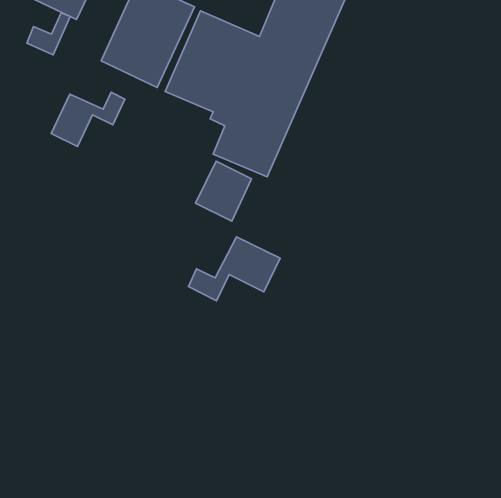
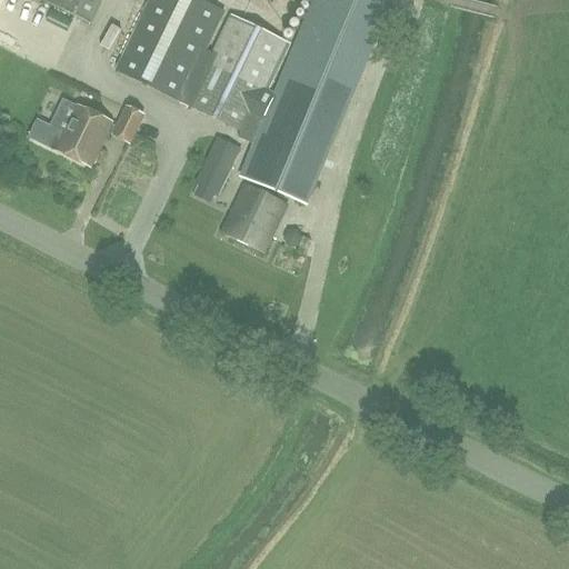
building: [27,13,70,55] -> [32,92,81,140]
building: none -> [196,136,241,198]
building: [188,237,280,301] -> none

